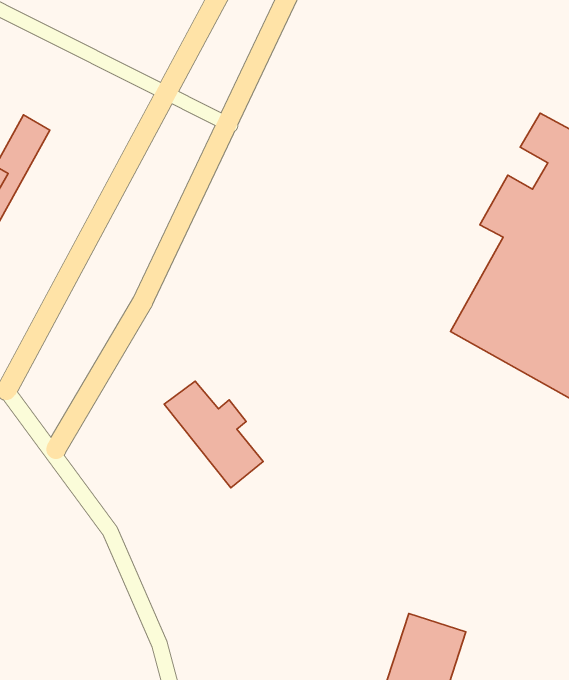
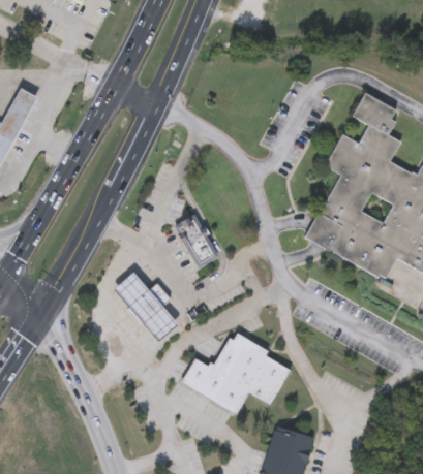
building: none -> [173,212,218,267]
building: none -> [180,333,291,412]

